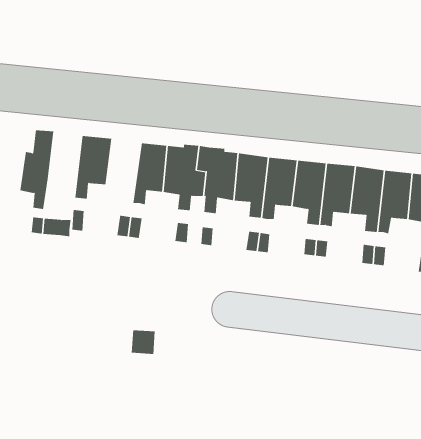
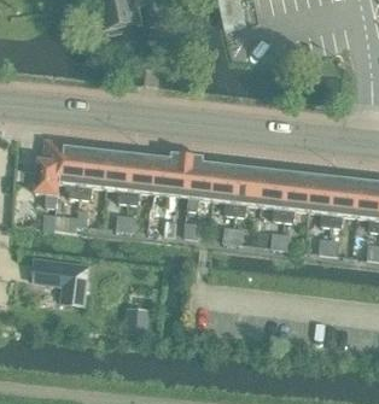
building: none -> [58,142,86,198]
building: none -> [106,148,135,203]
building: none -> [33,258,88,304]

